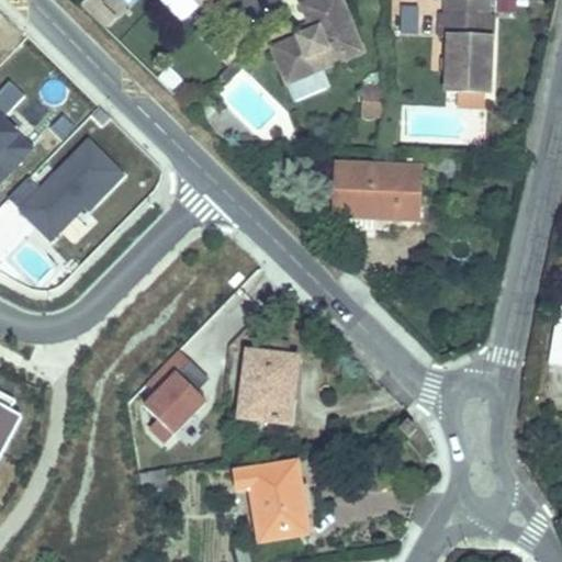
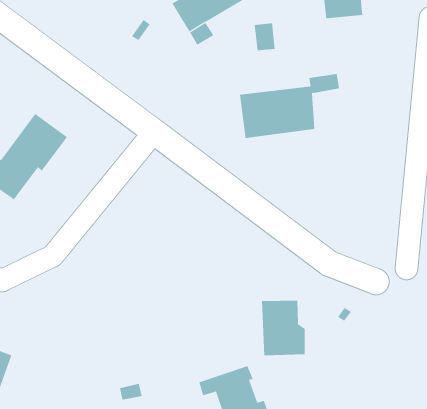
building: [147,352,212,445] -> none
building: [241,360,294,429] -> [261,300,305,356]

